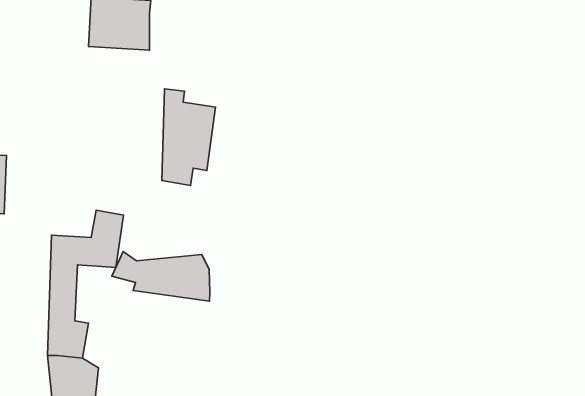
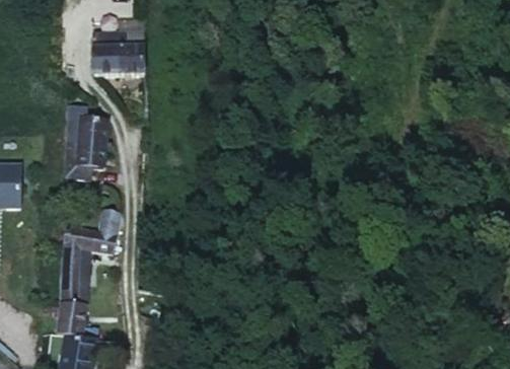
building: [162,89,215,186] -> [63,99,106,178]
building: [112,252,210,301] -> none

